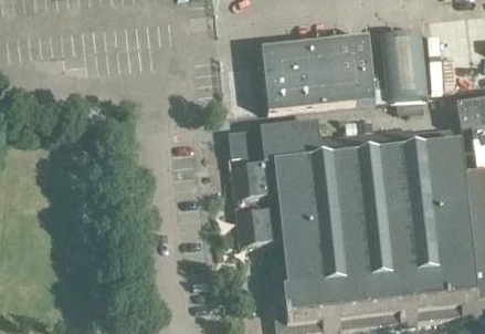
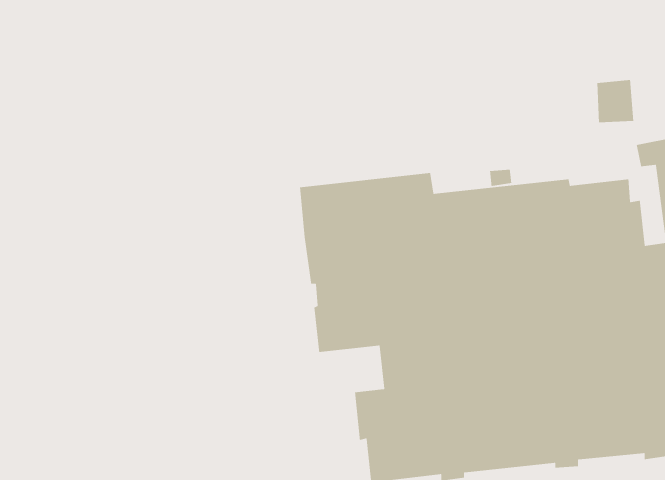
building: [264,32,429,114] -> none

